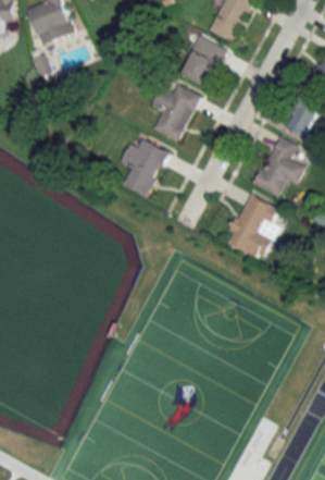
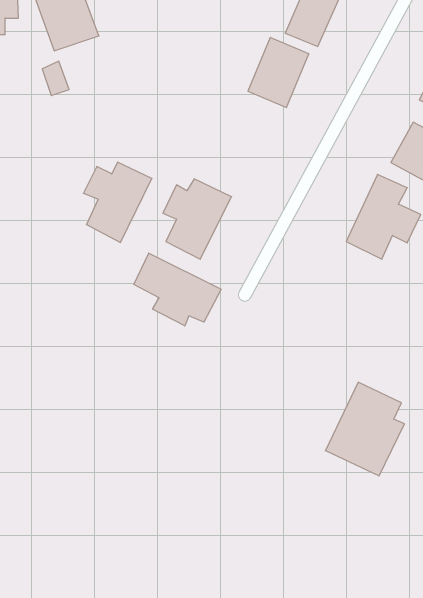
building: [150,83,200,141] -> [83,162,152,242]
building: [224,192,282,260] -> [325,382,404,476]
building: none -> [134,253,221,326]

